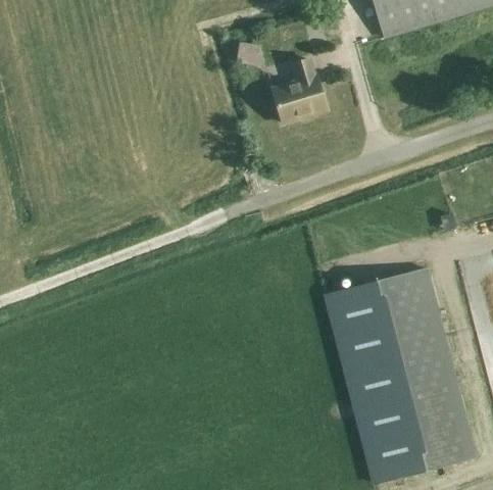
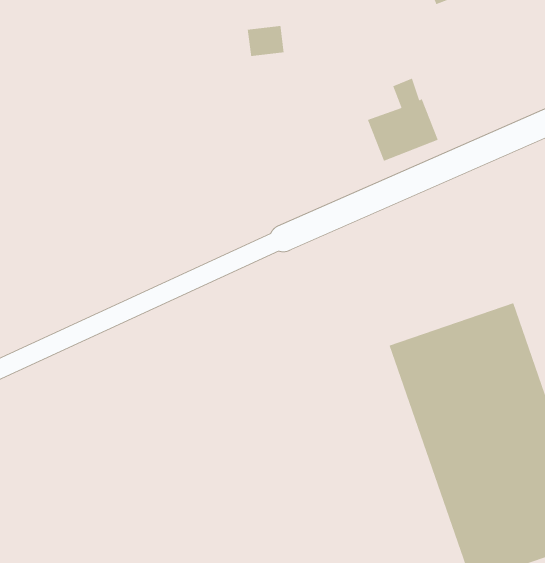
building: [270,59,325,122] -> [367,78,439,162]

